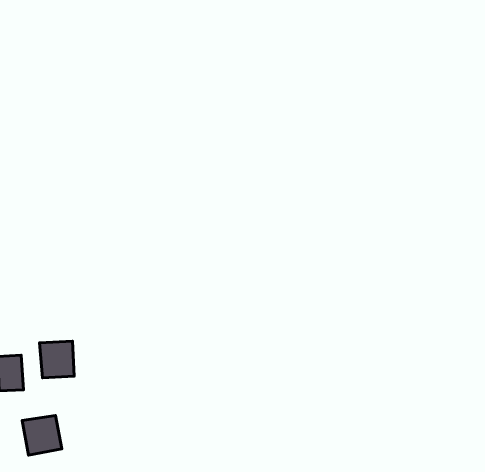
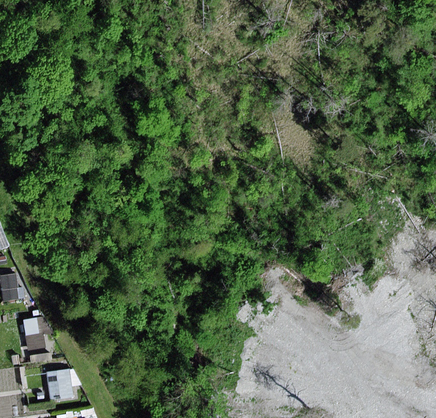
building: [40,341,74,378] -> none

